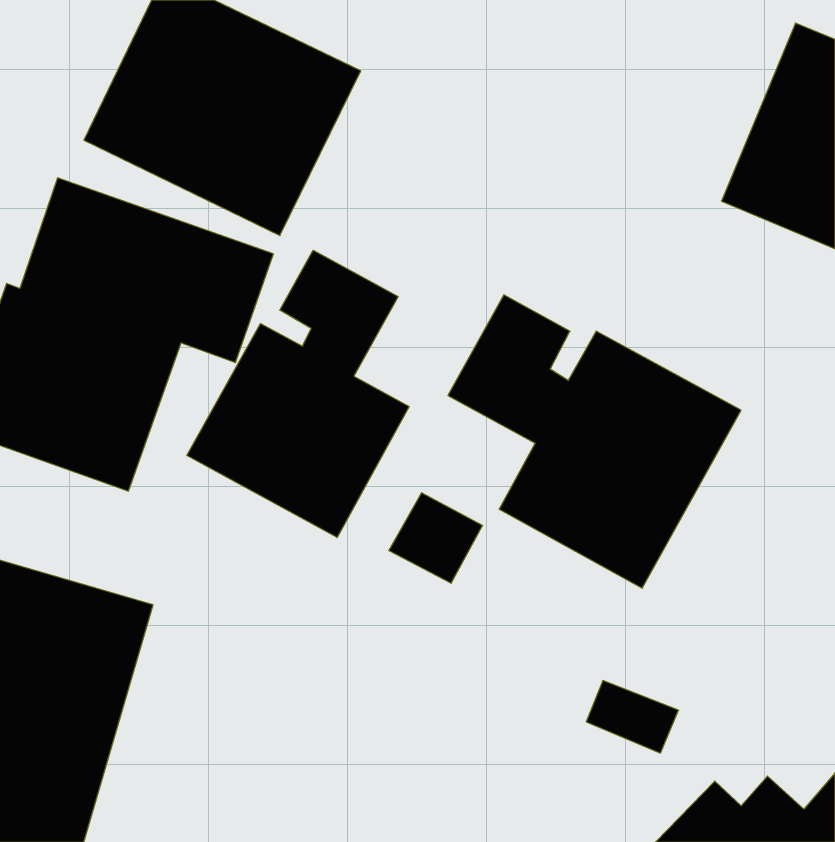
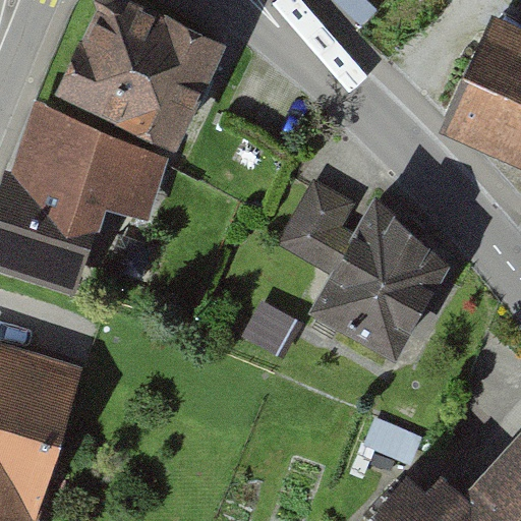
building: [187,250,409,538] -> none

